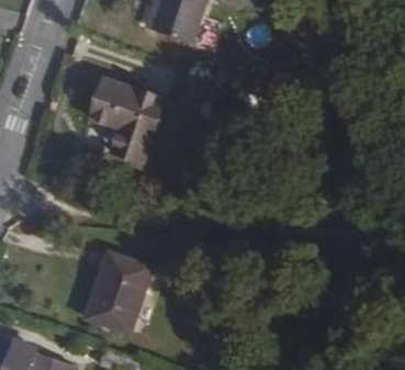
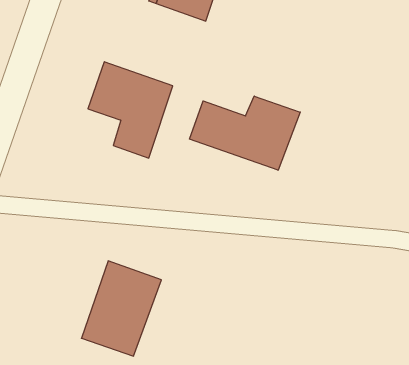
building: none -> [190,96,300,170]

